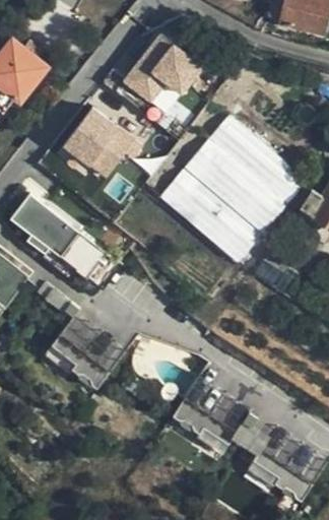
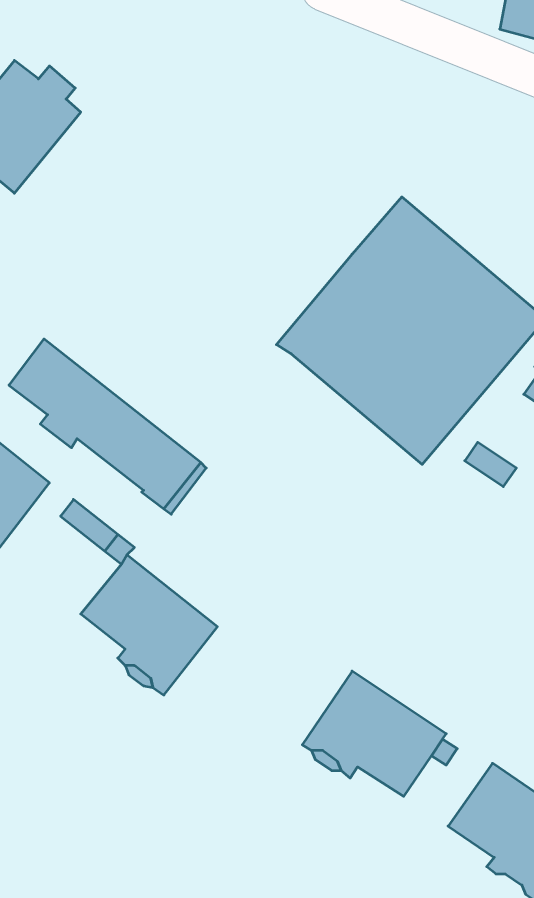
building: [123,31,201,100] -> none
building: [64,109,134,178] -> none

